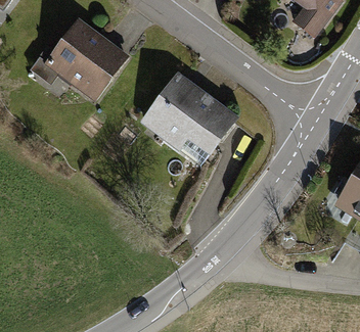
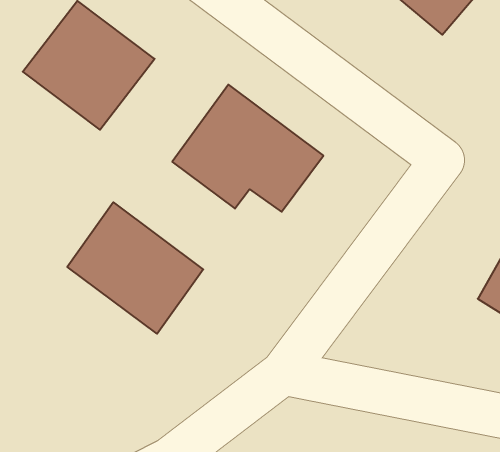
building: none -> [67,202,203,334]

